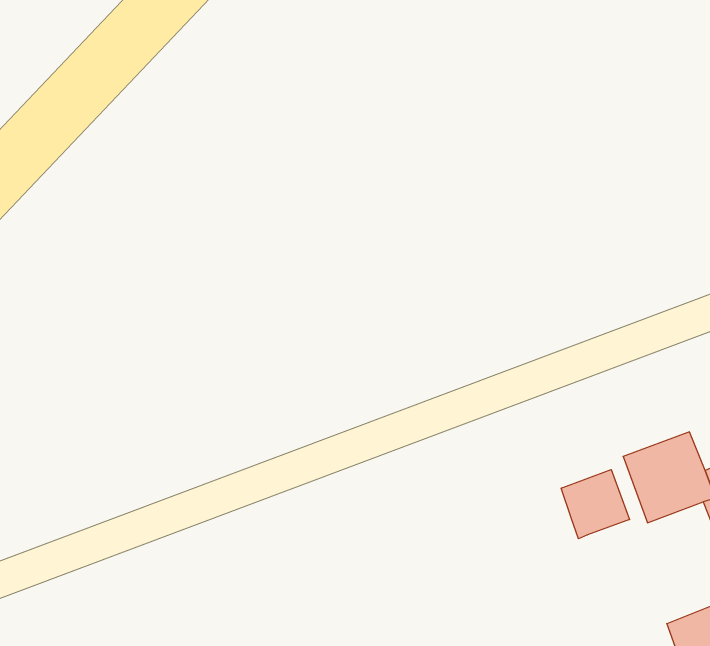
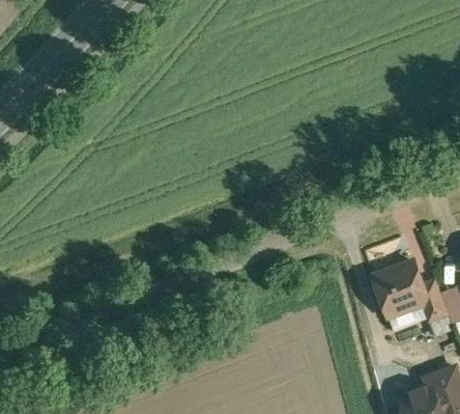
building: [561,470,630,539] -> none

